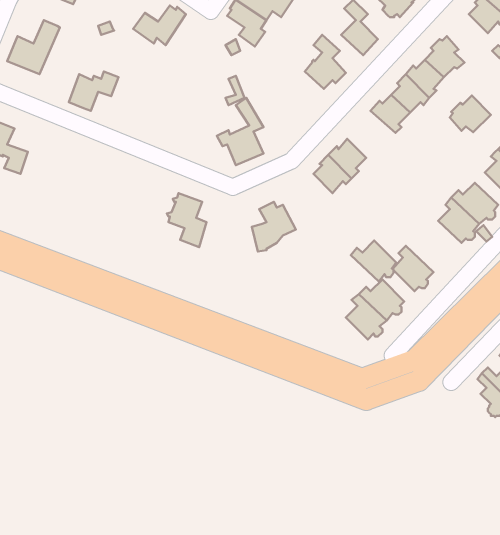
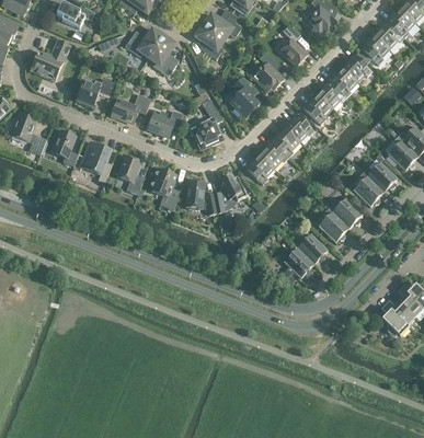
building: none -> [148,35,175,76]
building: none -> [229,77,259,118]
building: none -> [111,93,150,123]
building: [450,96,491,132] -> [358,35,389,62]
building: none -> [147,110,185,137]
building: none -> [284,113,313,142]
building: none -> [50,130,78,165]
building: none -> [80,141,111,183]
building: none -> [243,154,273,184]
building: none -> [116,155,144,194]
building: none -> [185,180,217,215]
building: [351,241,396,282] -> [328,197,362,228]

